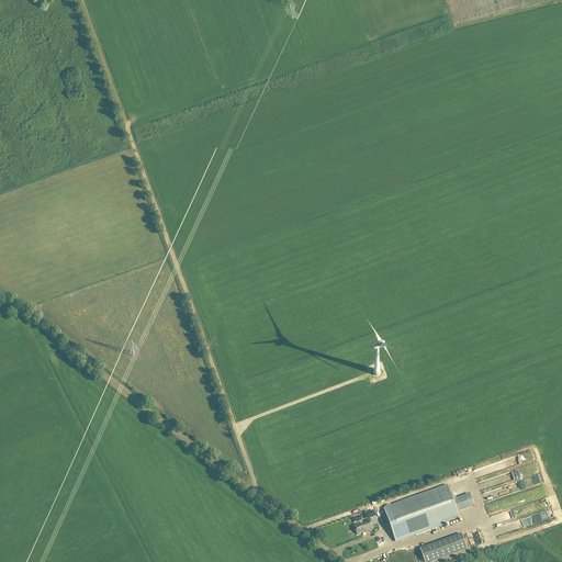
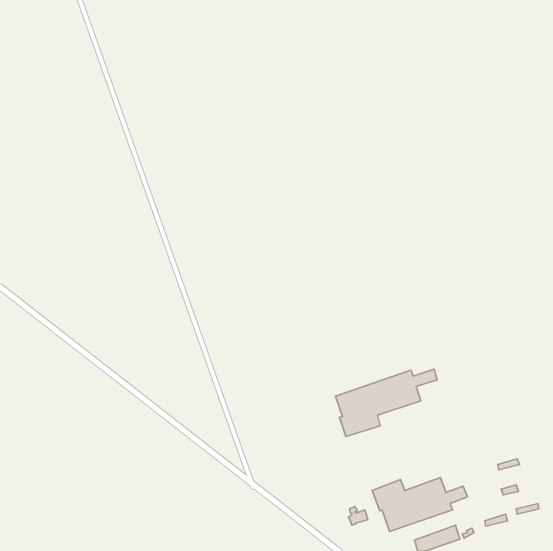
building: none -> [335,369,437,437]

